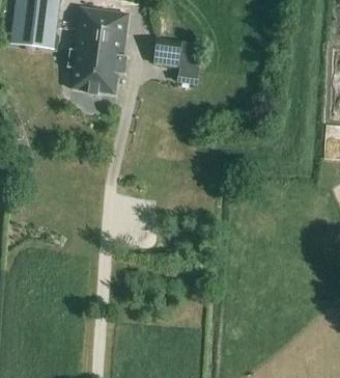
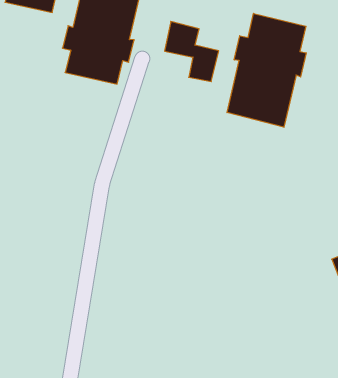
building: none -> [227,13,306,127]

